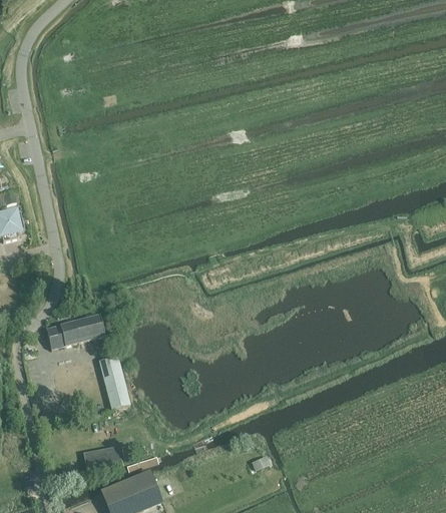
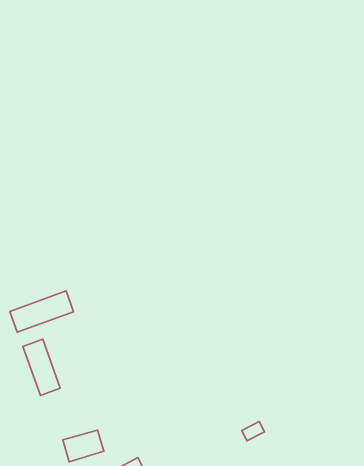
building: [98,356,129,408] -> [23,339,60,395]

